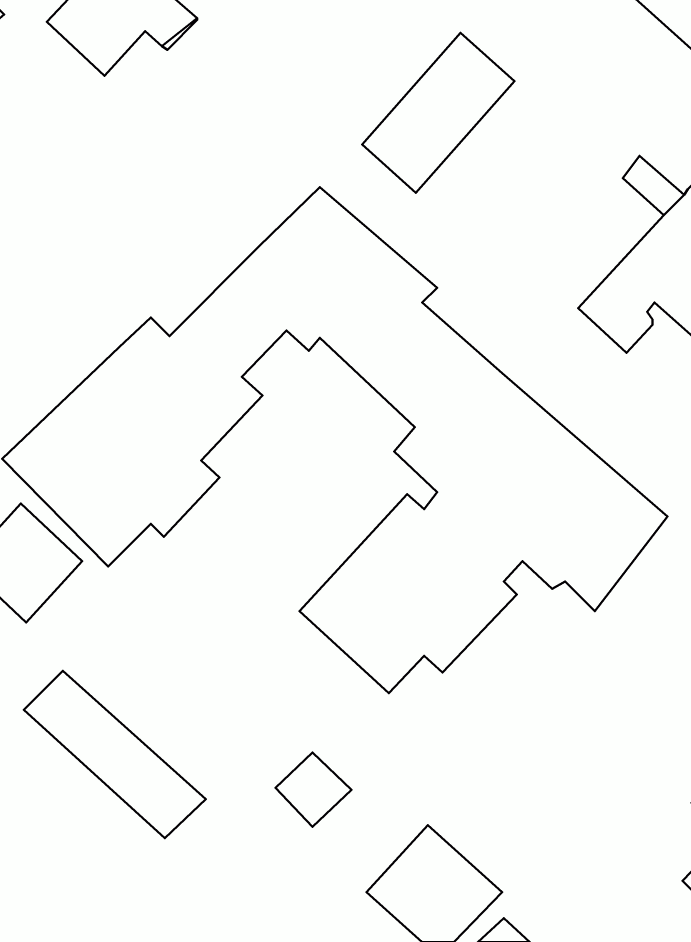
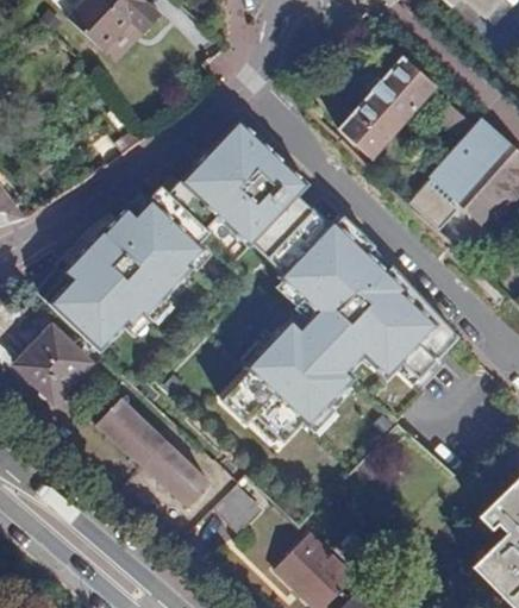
building: [362,33,514,193] -> [337,55,434,157]
building: [24,671,206,838] -> [95,399,212,506]

